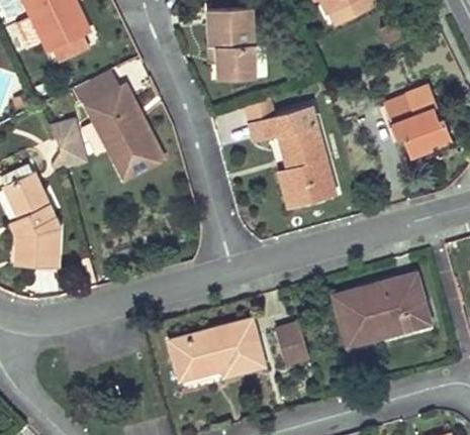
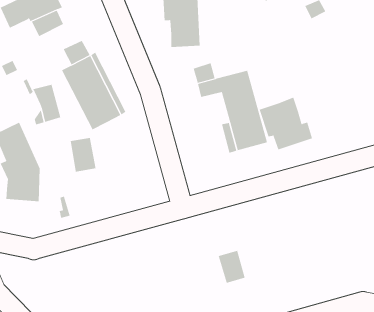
building: [385,88,451,152] -> [259,97,313,150]
building: none -> [70,137,96,172]
building: [333,274,428,345] -> none
building: [169,319,263,380] -> none

